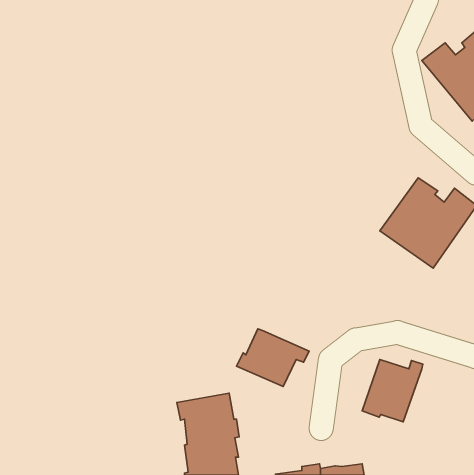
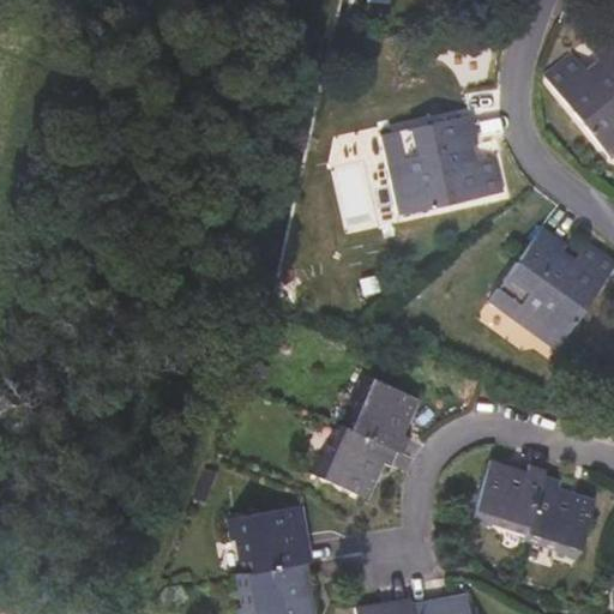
building: none -> [386,115,502,215]
building: none -> [341,372,420,455]
building: none -> [520,475,596,570]

